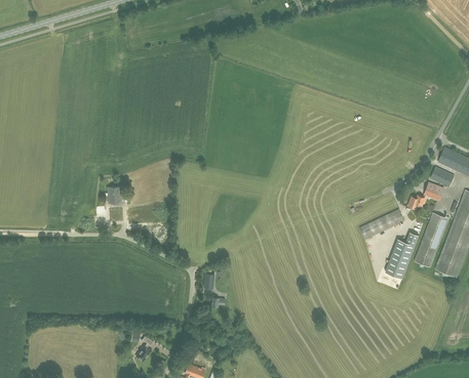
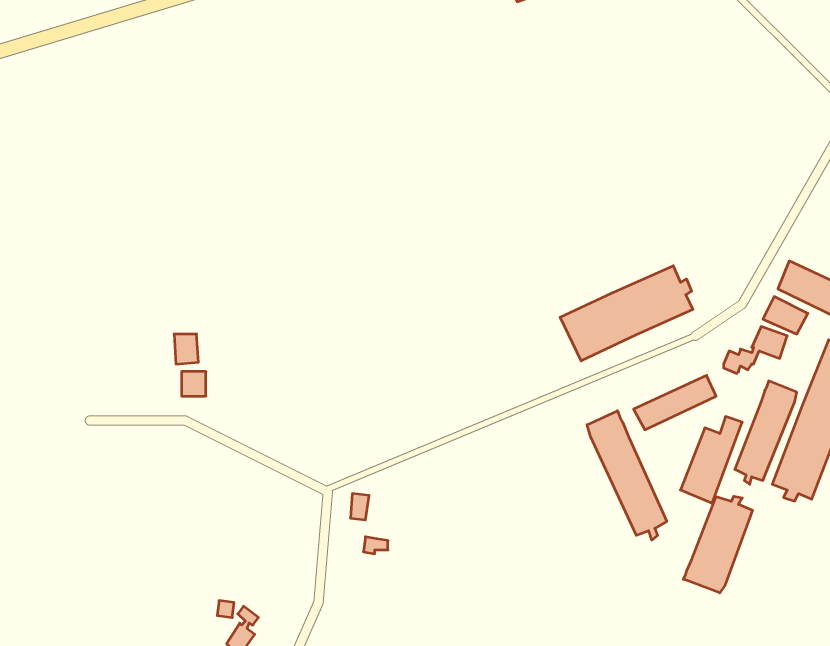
building: none -> [560,266,693,361]
building: none -> [587,411,667,540]
building: none -> [683,496,752,593]

